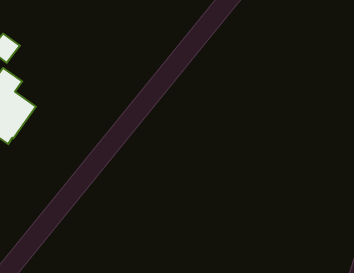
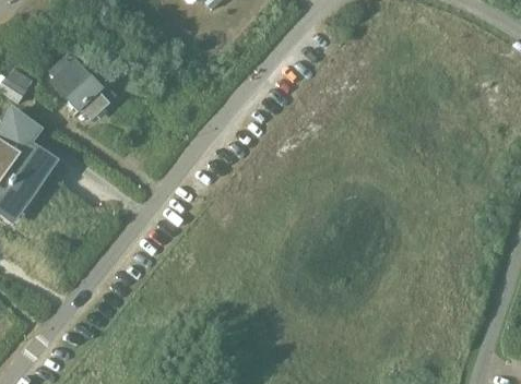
building: none -> [47,56,107,118]

